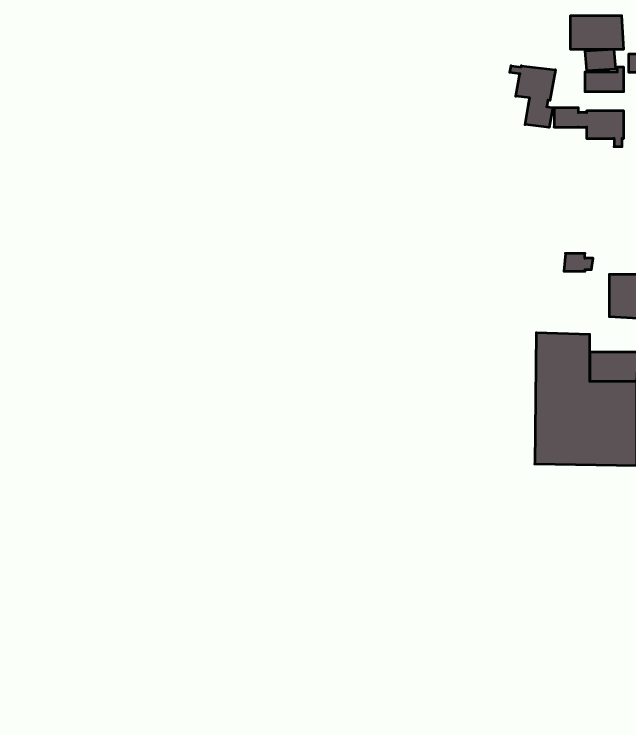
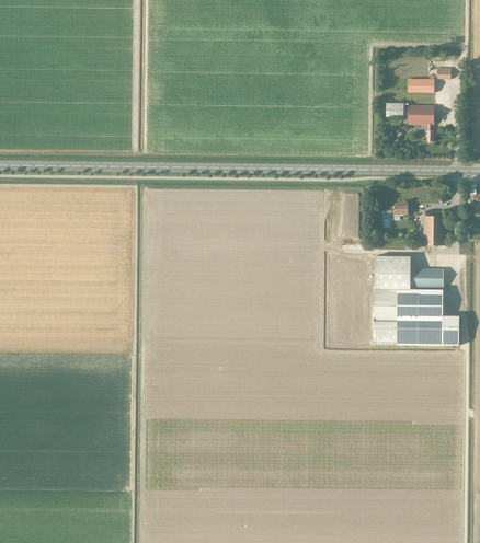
building: [571,16,623,49] -> none
building: [510,66,555,127] -> none

